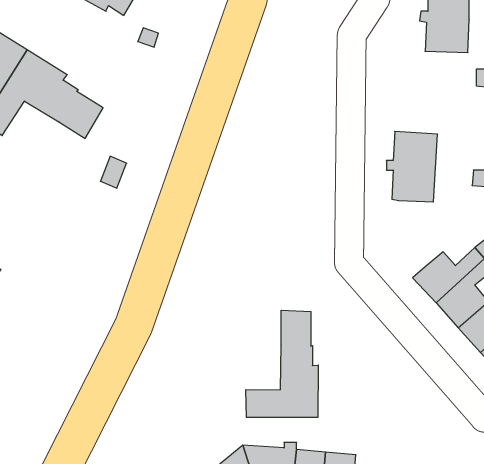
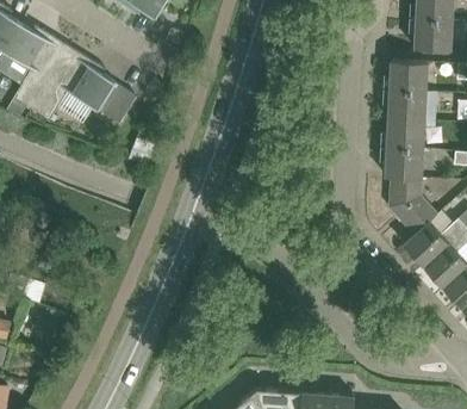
building: none -> [382,61,426,120]
building: none -> [388,178,437,235]
building: [246,310,318,417] -> none

